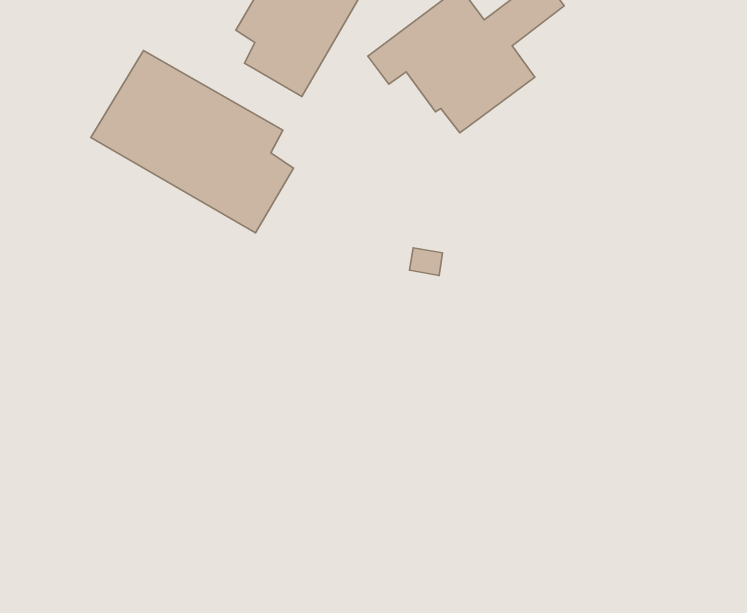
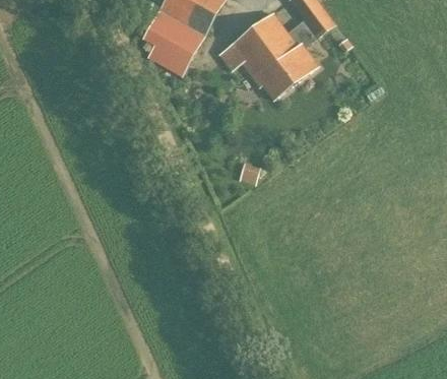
building: [91,50,294,233] -> none

